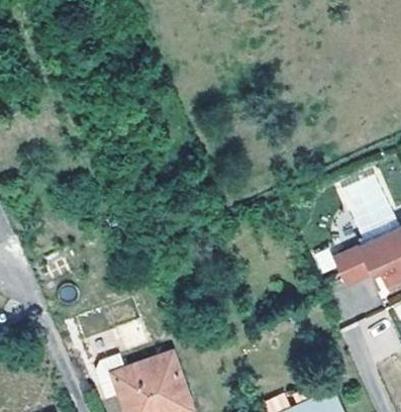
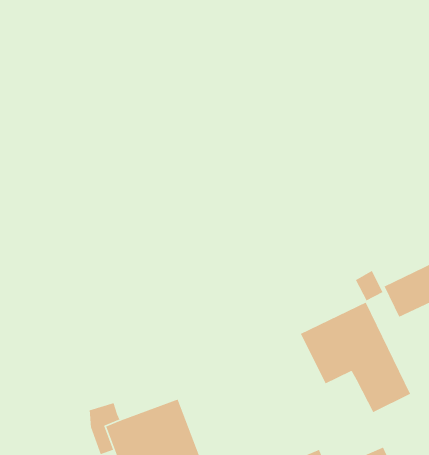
building: none -> [300,301,411,413]

